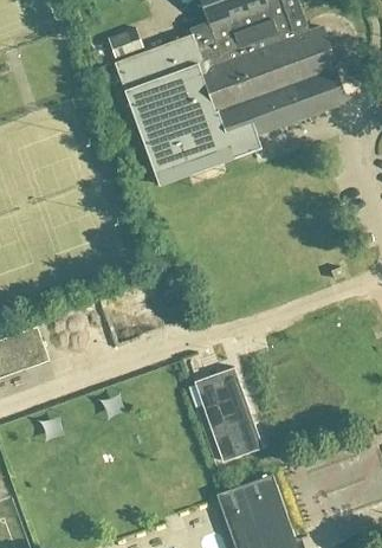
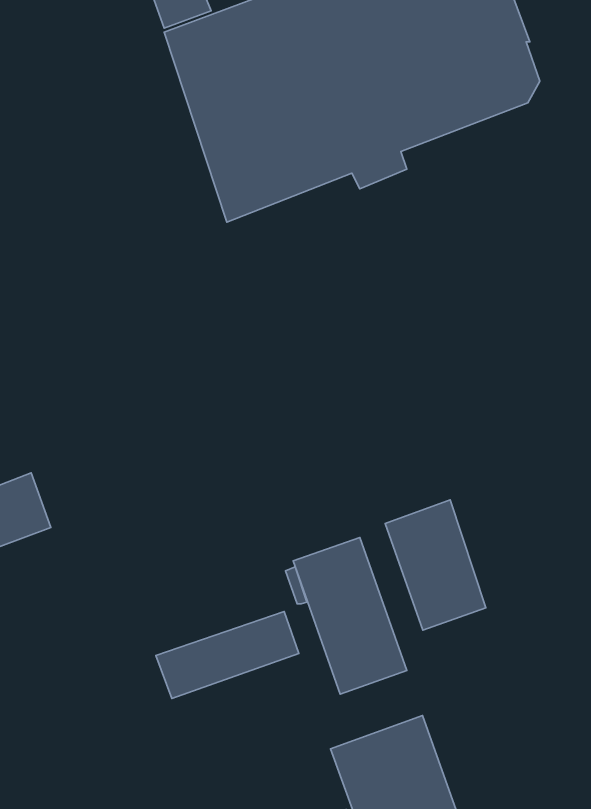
building: none -> [385,500,486,630]
building: none -> [156,612,299,698]

